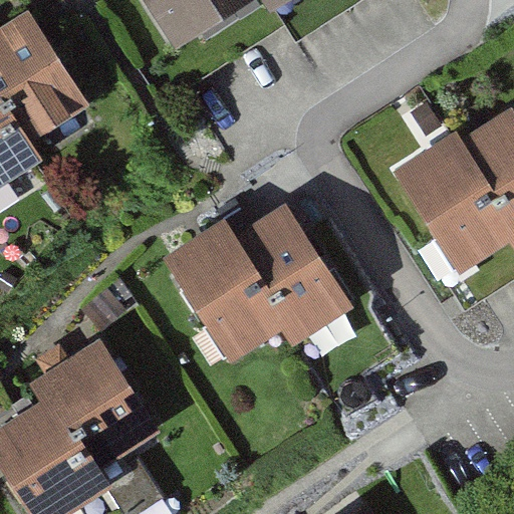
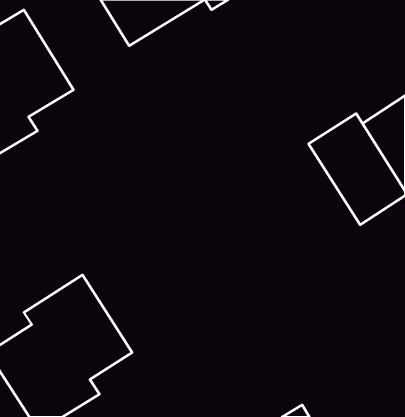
building: [167,200,354,357] -> none

